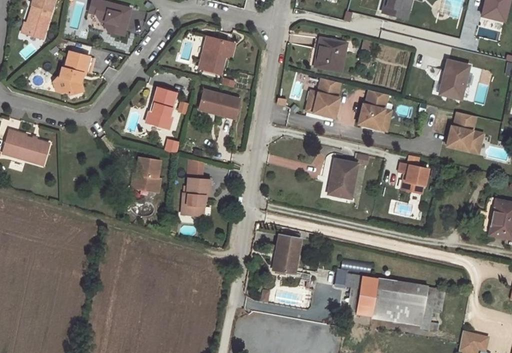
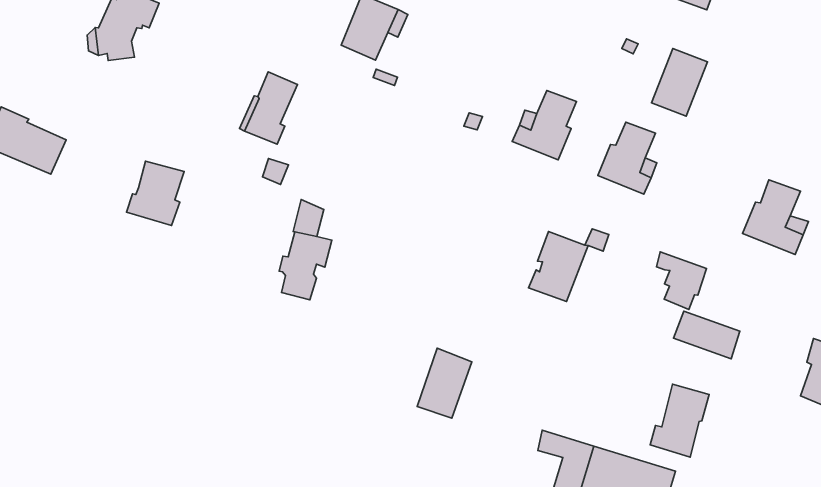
building: [314,38,345,70] -> none
building: [439,60,468,98] -> [652,48,708,116]
building: [198,90,239,119] -> none
building: [130,157,160,192] -> [126,161,184,225]
building: none -> [674,311,740,359]
building: none -> [650,384,709,457]

